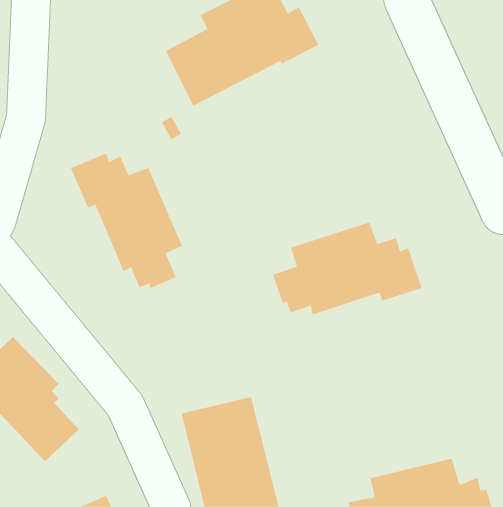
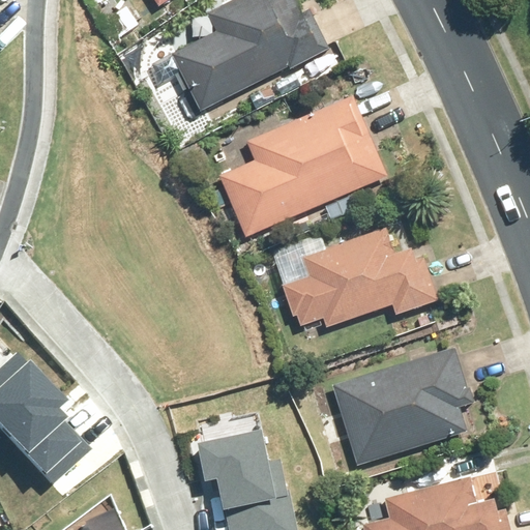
building: none -> [219,97,388,237]
building: [70,153,183,289] -> none
building: none -> [332,346,477,464]

